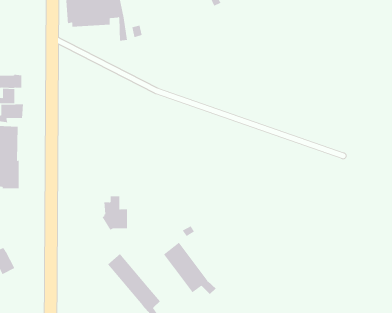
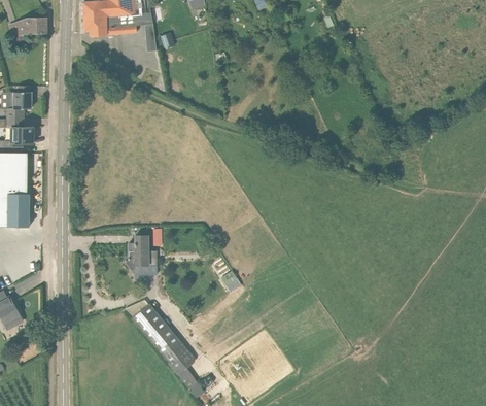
building: none -> [9,16,46,43]
building: [163,242,217,295] -> none

